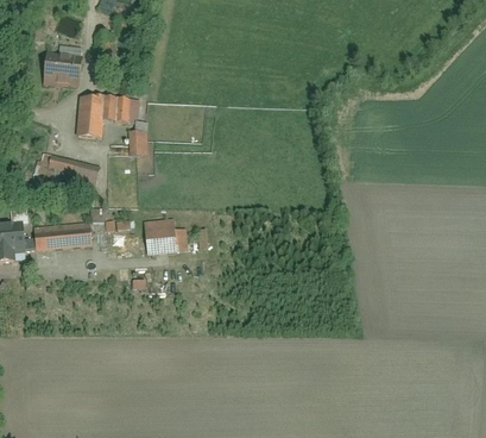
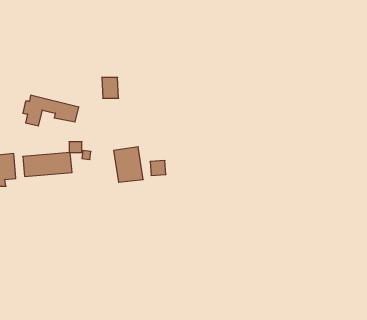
building: [43,52,83,87] -> none
building: [75,94,140,138] -> none

